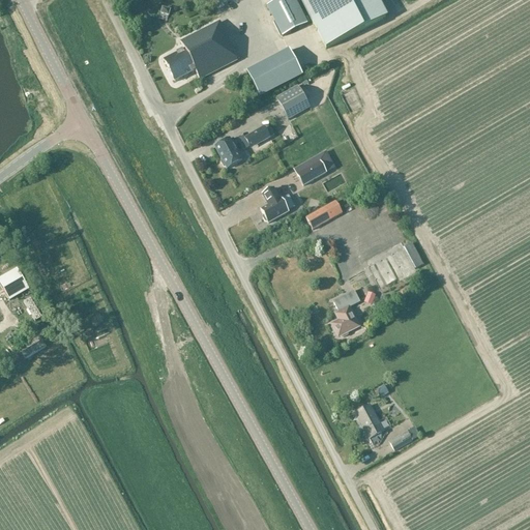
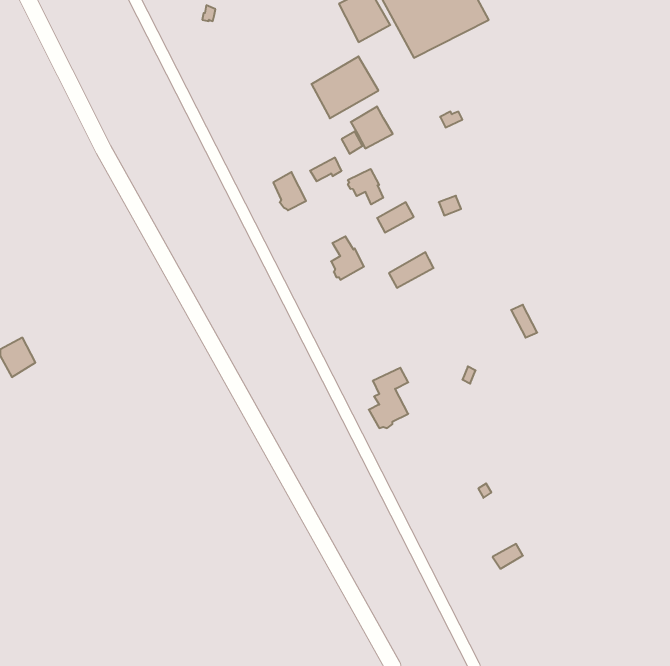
building: [166,19,238,79] -> none
building: none -> [348,169,383,204]
building: [330,288,361,335] -> [369,368,408,428]
building: [356,403,384,437] -> none

